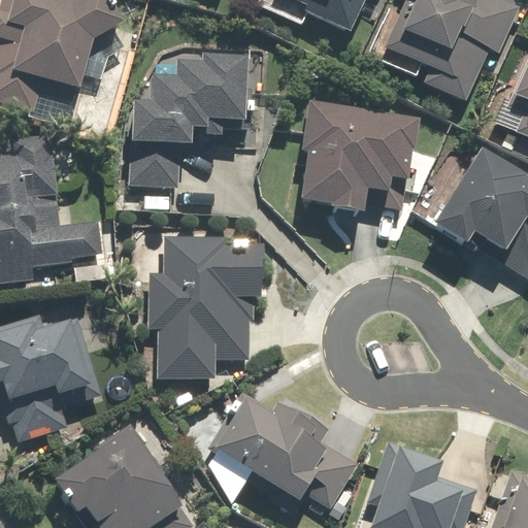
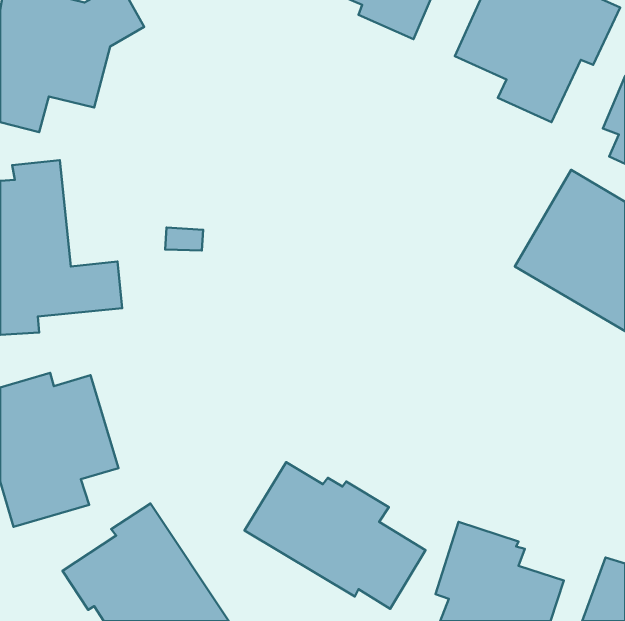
building: [127,56,248,188] -> none
building: [300,99,419,214] -> none
building: [146,235,263,380] -> none

